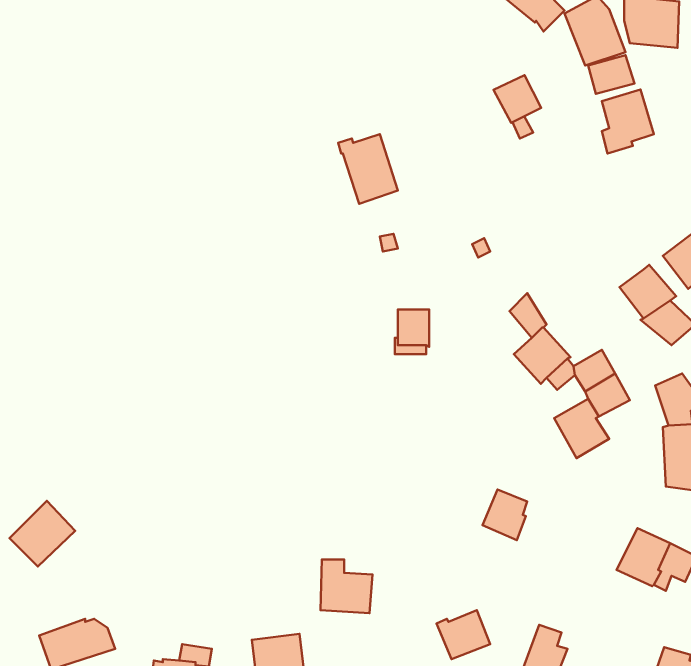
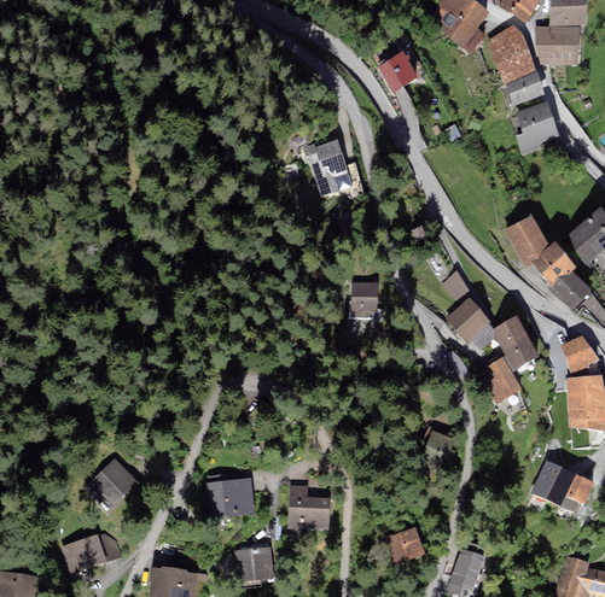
building: [493,75,541,123] -> [378,55,417,94]
building: none -> [508,220,551,268]
building: [10,501,75,566] -> [85,456,138,509]
building: none -> [205,469,256,516]

